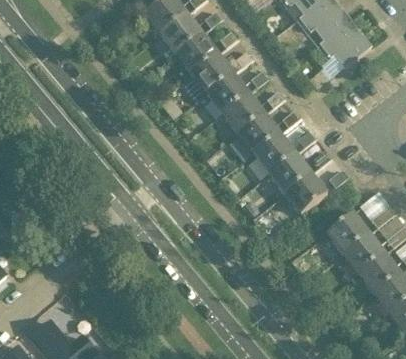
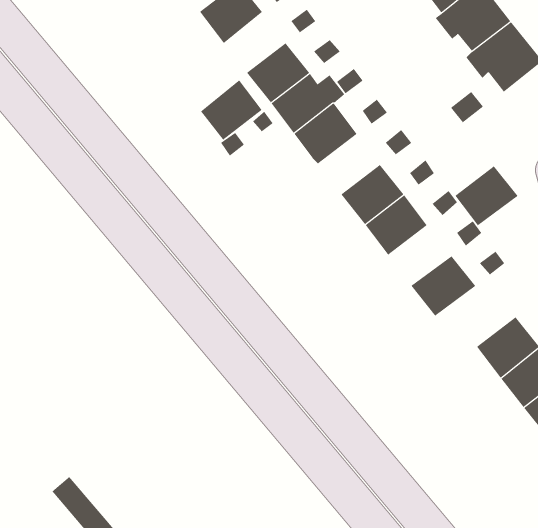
building: [160,12,201,52] -> [200,79,262,140]
building: [222,92,263,132] -> none
building: [268,152,310,192] -> [455,165,518,226]

